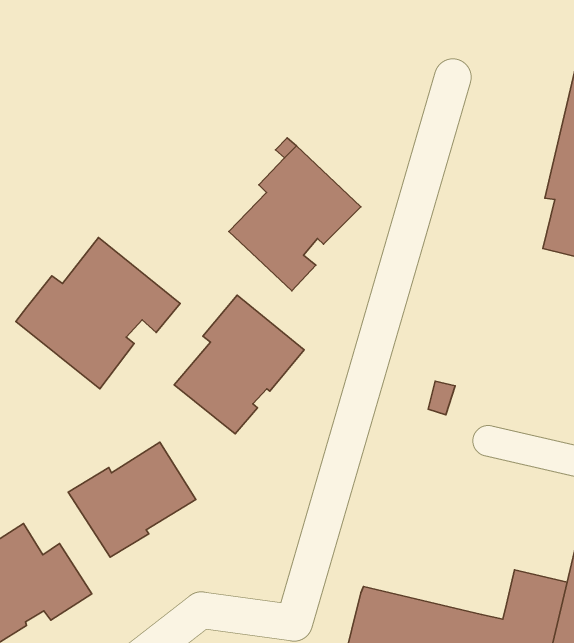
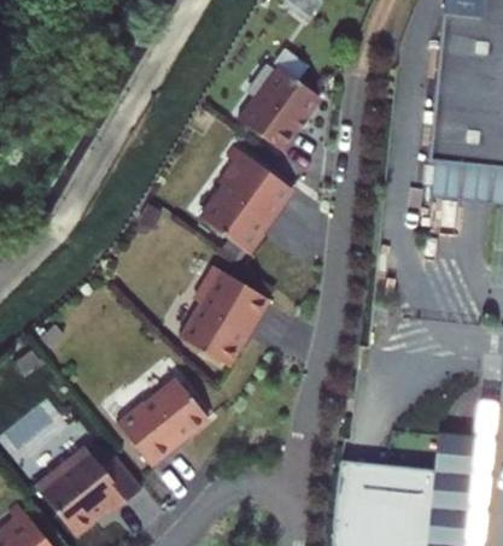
building: none -> [236,64,318,148]
building: [16,238,180,389] -> none

